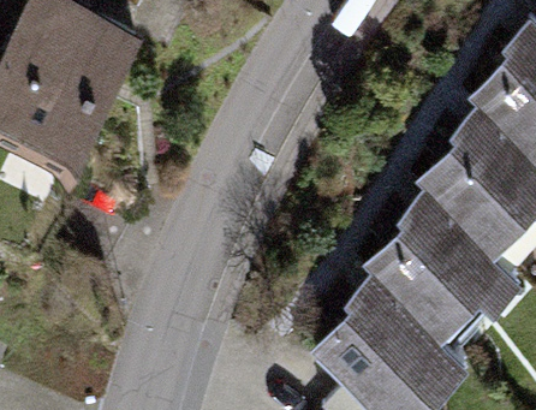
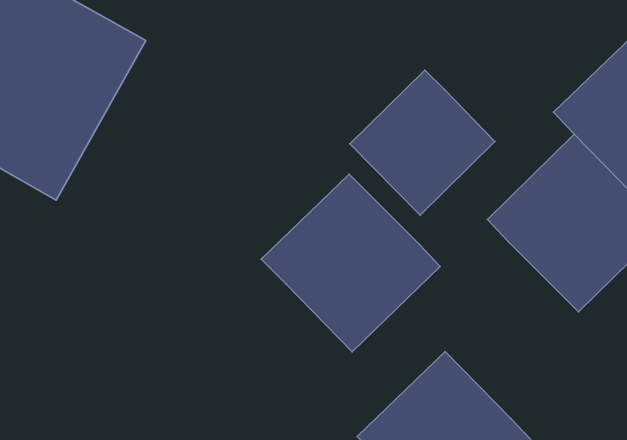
building: none -> [350,70,495,215]
building: [365,204,512,350] -> [261,174,440,352]

